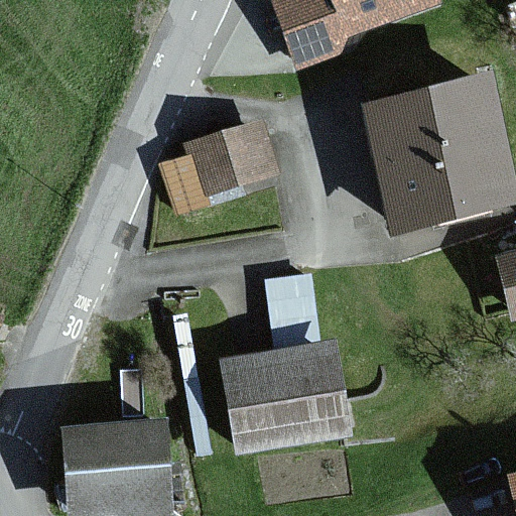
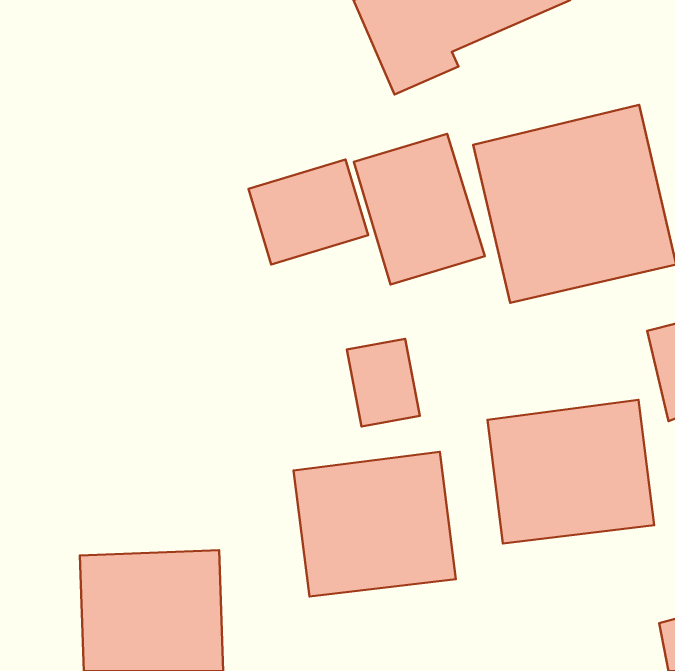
building: none -> [354,134,485,285]
building: none -> [488,400,654,544]

